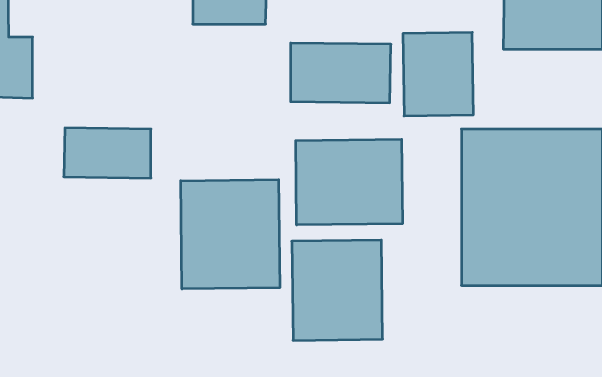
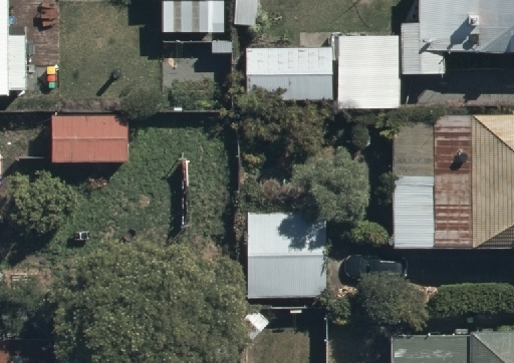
building: [296,139,402,225] -> none
building: [181,180,280,289] -> none

